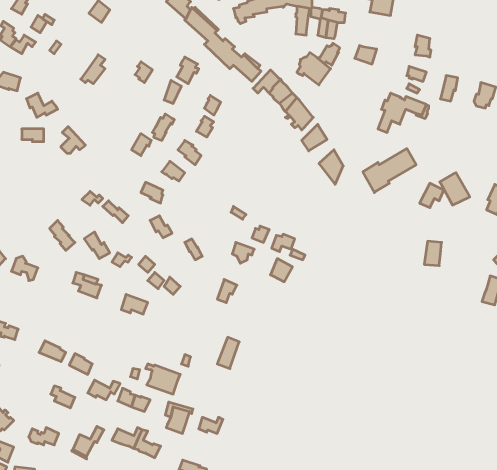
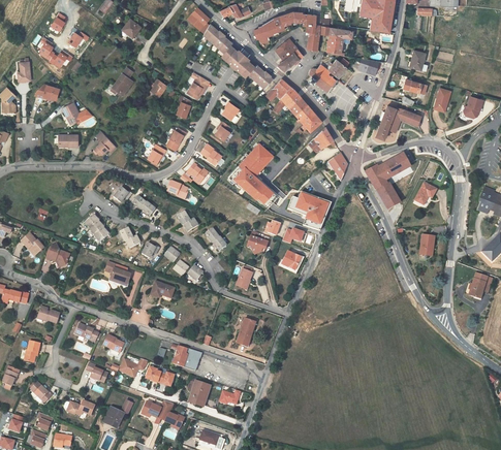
building: none -> [274,39,303,70]
building: none -> [234,143,273,202]
building: [440,173,470,205] -> [376,181,403,210]
building: none -> [288,192,328,228]

